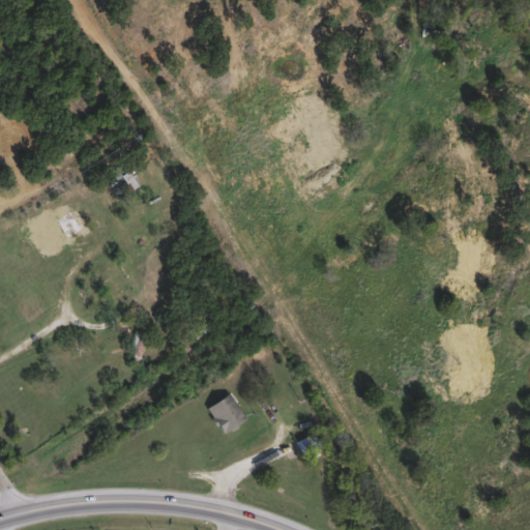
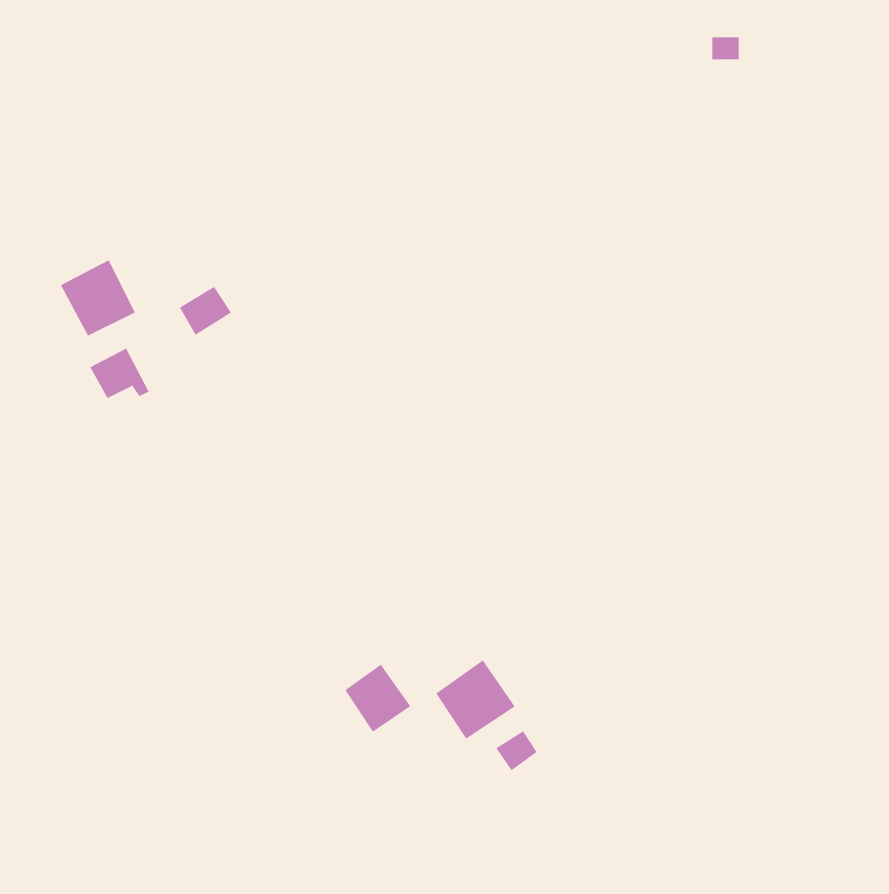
building: none -> [60,259,136,337]
building: none -> [435,659,516,739]

